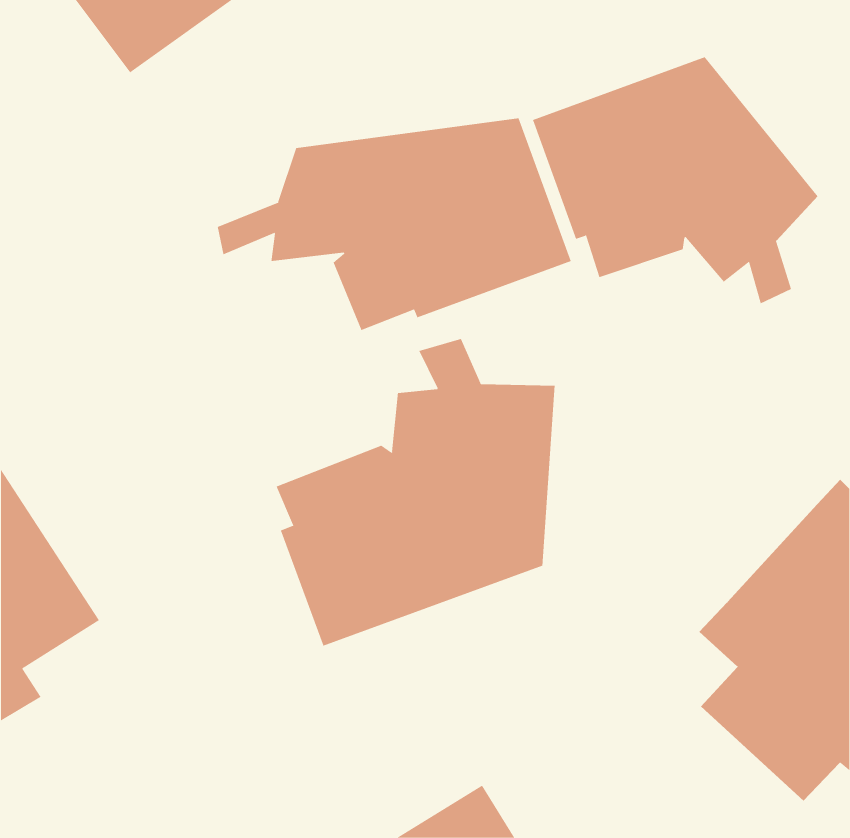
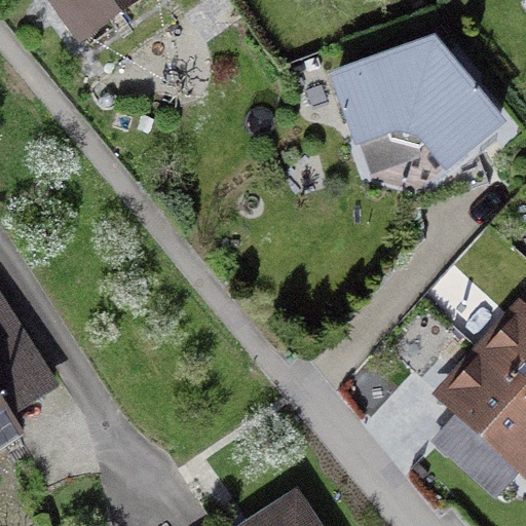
building: [217,118,571,331] -> none
building: [276,338,555,646] -> none

